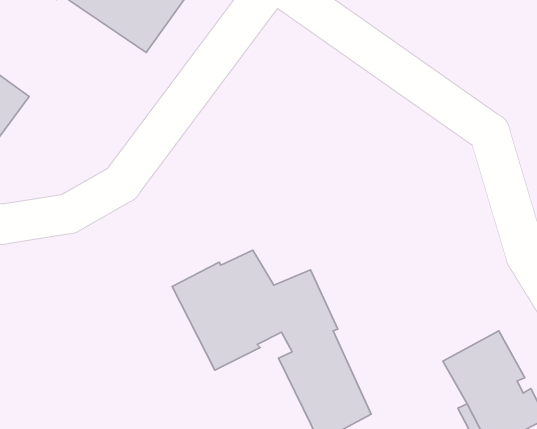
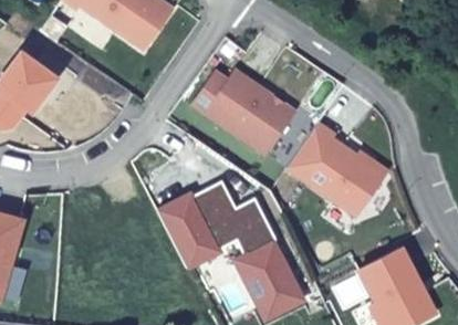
building: none -> [200,71,300,157]
building: none -> [284,119,381,212]

